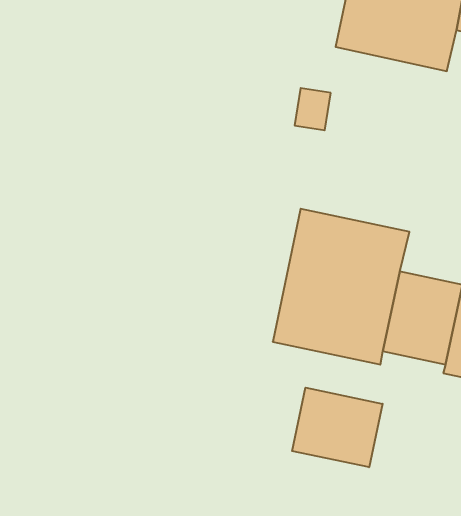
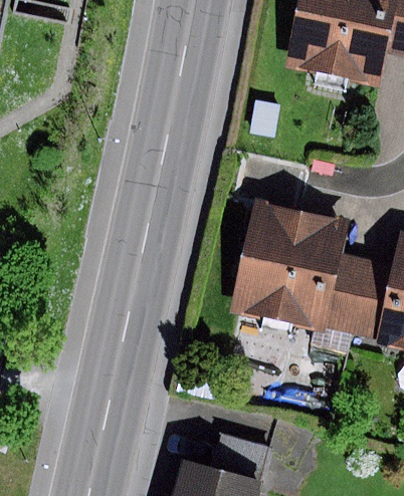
building: [292,388,383,467] -> none

